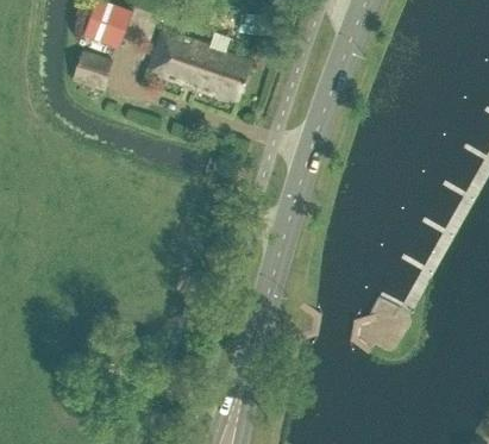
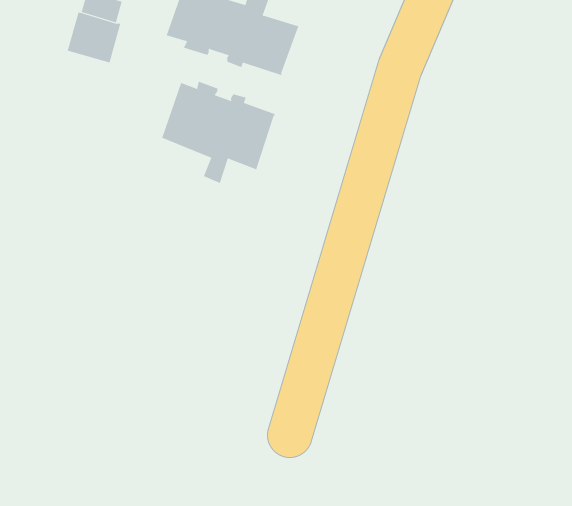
building: none -> [162,81,276,184]

